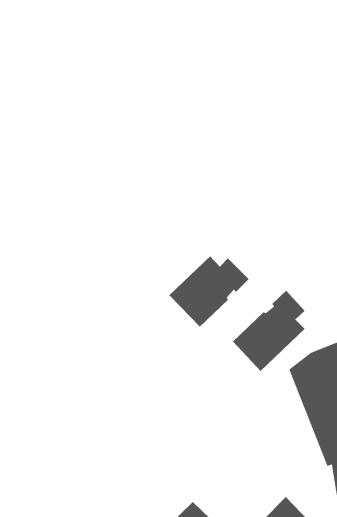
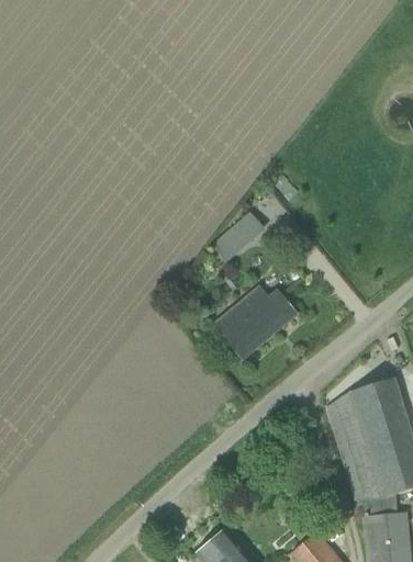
building: none -> [215,215,263,260]
building: [232,290,305,372] -> none

